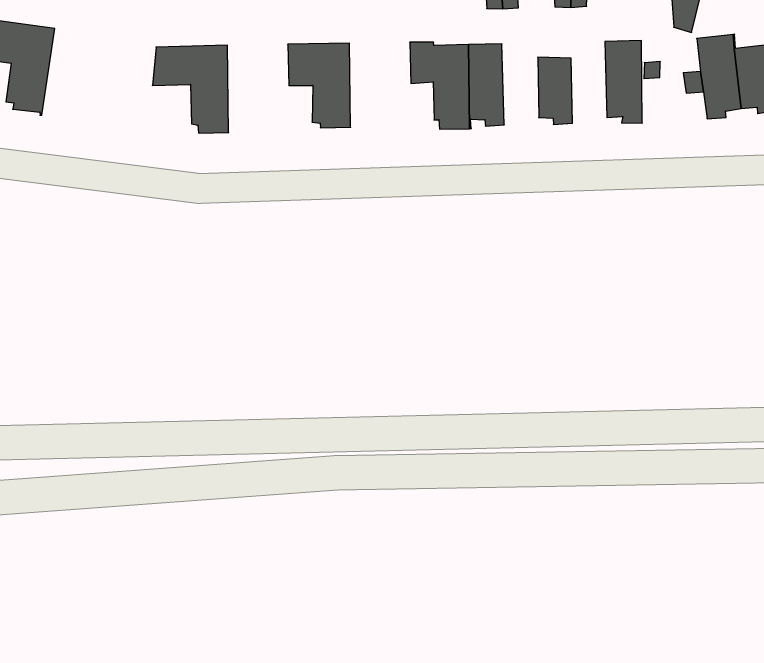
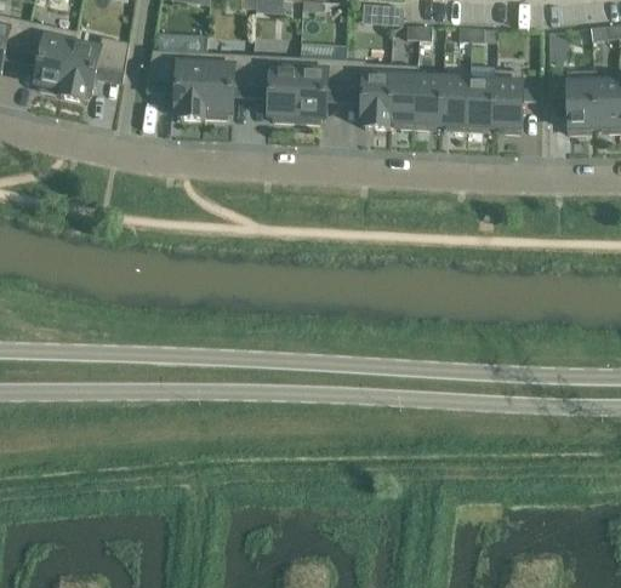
building: none -> [61,30,129,101]
building: none -> [466,69,495,131]
building: none -> [296,57,346,122]
building: none -> [414,65,443,129]
building: none -> [203,52,252,119]

